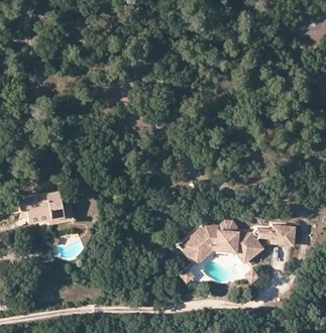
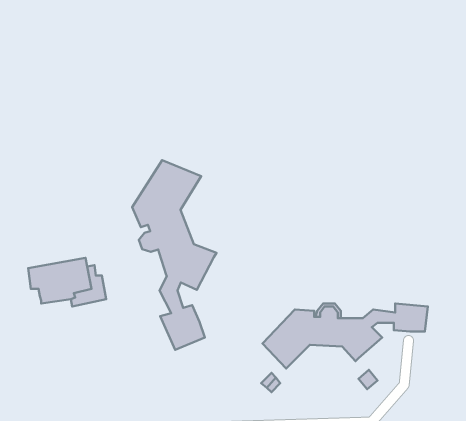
building: none -> [132,160,216,350]

